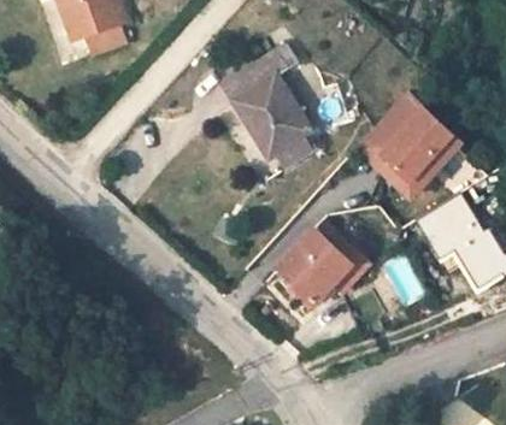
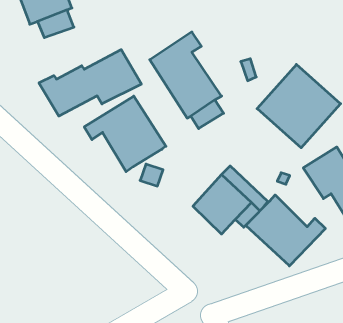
building: none -> [39,50,141,116]
building: none -> [84,96,166,172]
building: none -> [246,195,325,266]

